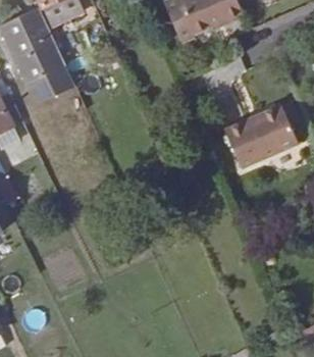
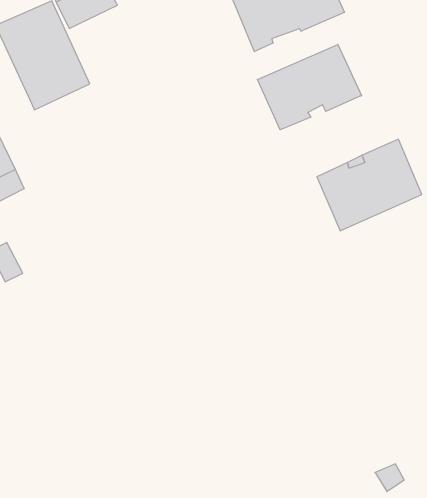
building: none -> [257,44,362,130]
building: [28,65,75,103] -> none

